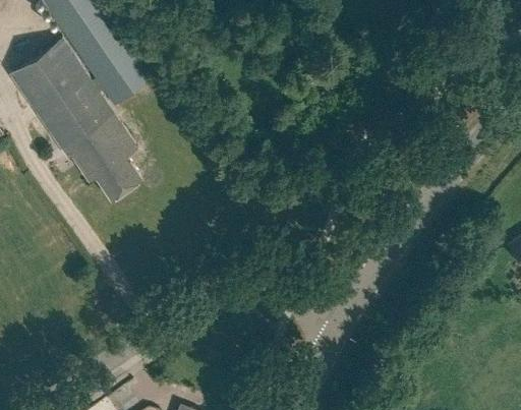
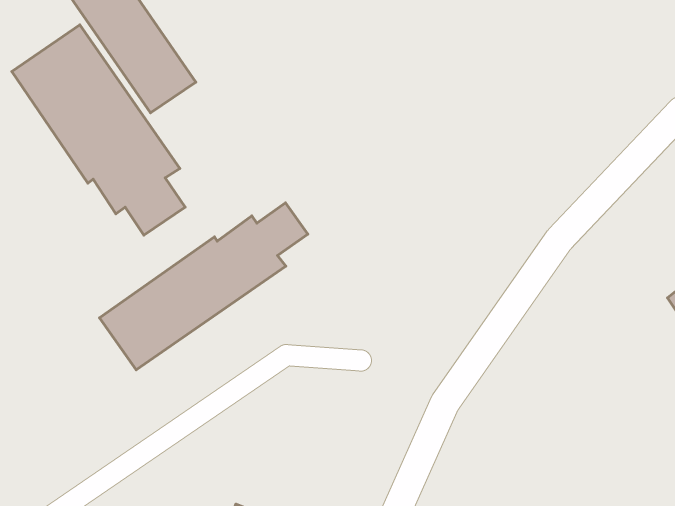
building: none -> [100,203,308,370]

